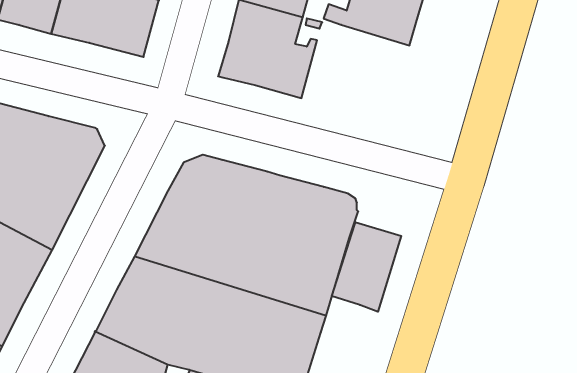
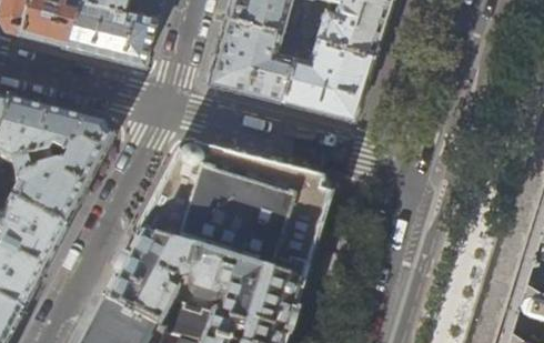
building: none -> [280,38,373,120]
building: [332,222,401,312] -> none

